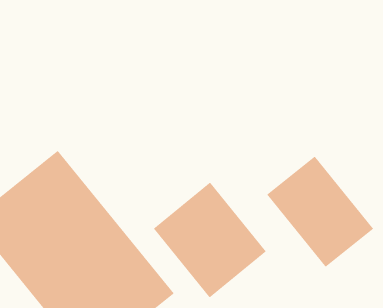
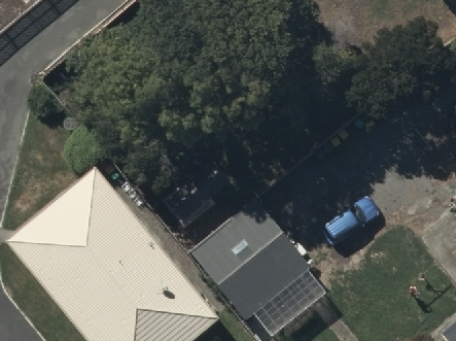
building: [266,156,374,268] -> none

